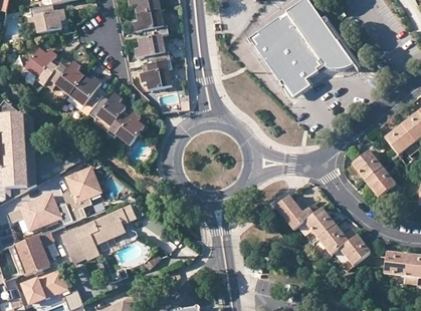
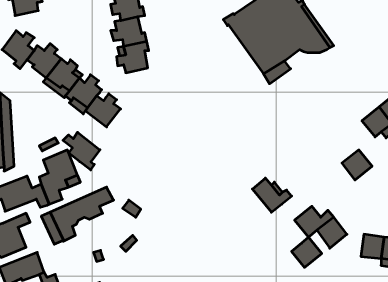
building: none -> [63,132,100,170]
building: [352,150,382,181] -> none
building: [304,208,335,238] -> [292,237,322,267]

